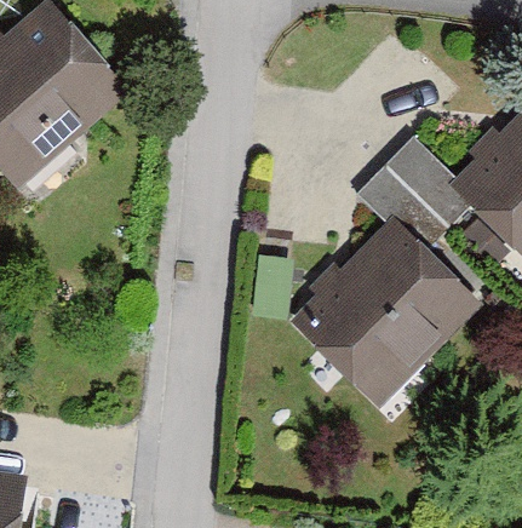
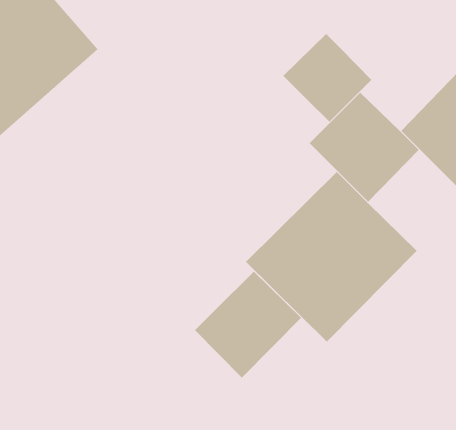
building: none -> [282,33,372,123]
building: none -> [194,271,302,378]

